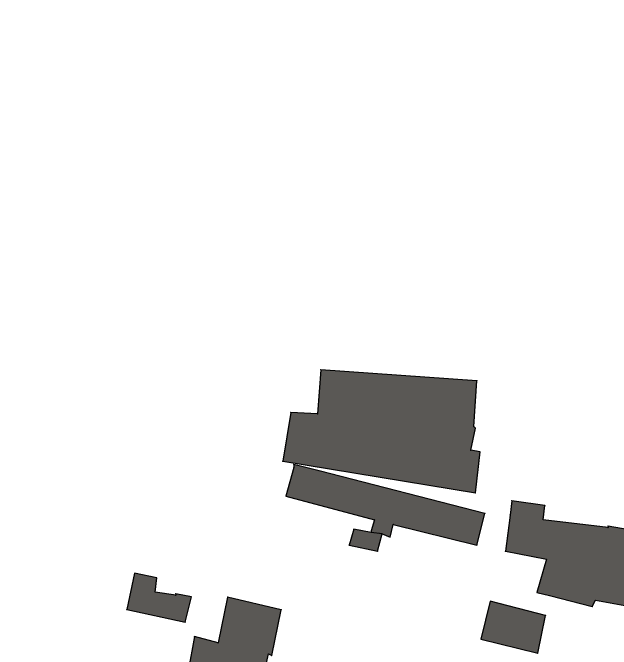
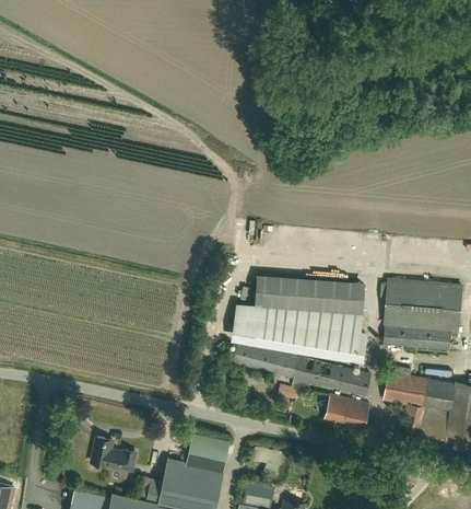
building: none -> [382,278,462,351]
building: [127,573,191,622] -> [91,437,136,471]
building: [481,601,546,653] -> [323,394,368,430]

